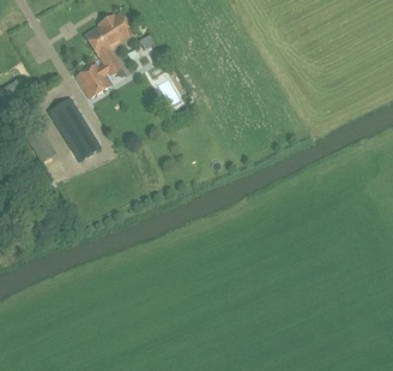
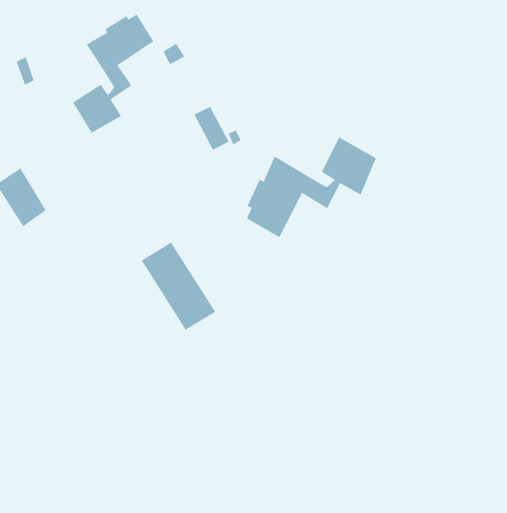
building: [48,98,101,161] -> [141,242,216,331]
building: none -> [246,136,376,238]

